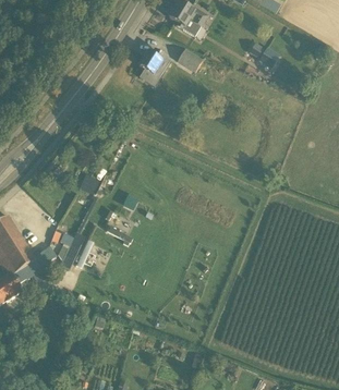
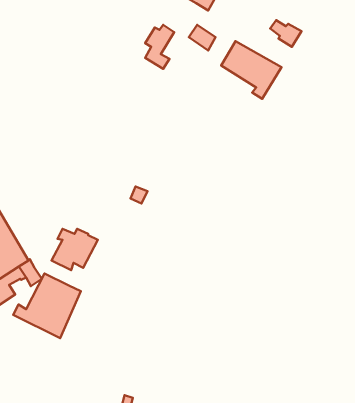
building: none -> [221,41,282,99]
building: none -> [13,274,81,338]

